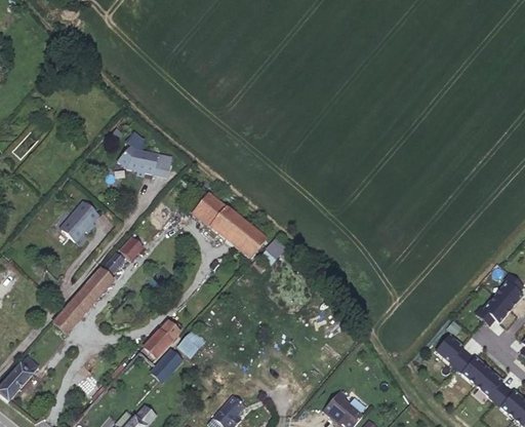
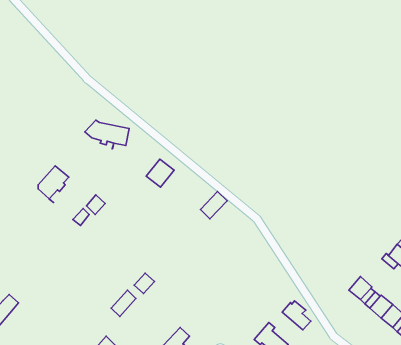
building: [209,206,266,259] -> none
building: [52,269,113,335] -> none
building: [143,322,178,359] -> none
building: none -> [282,301,311,330]

